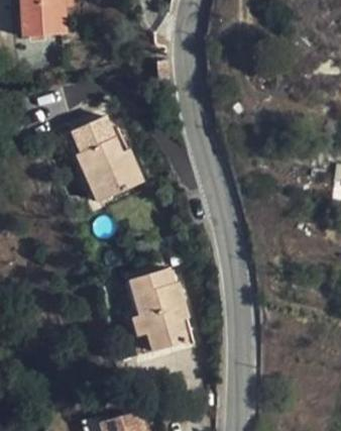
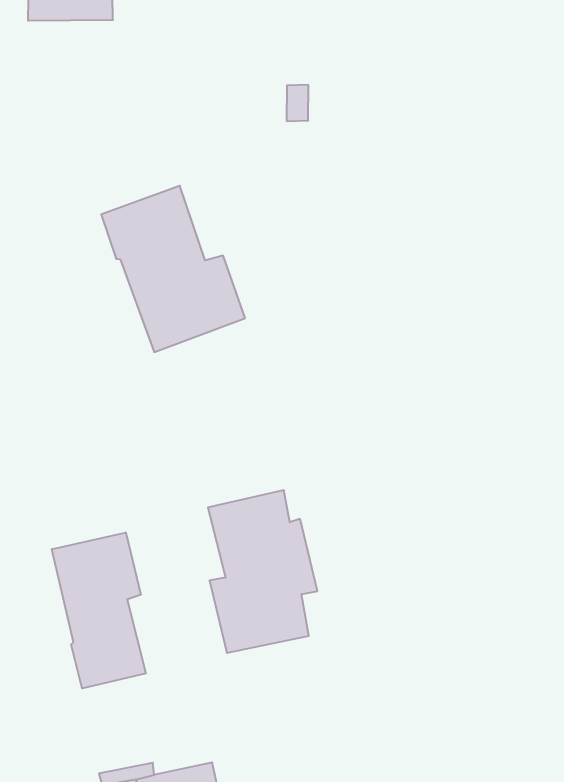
building: none -> [52,532,146,688]

